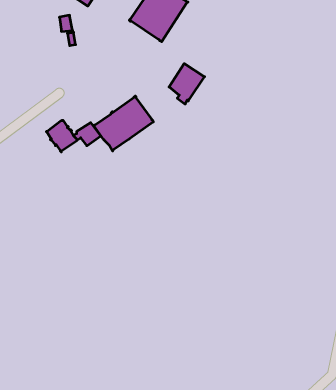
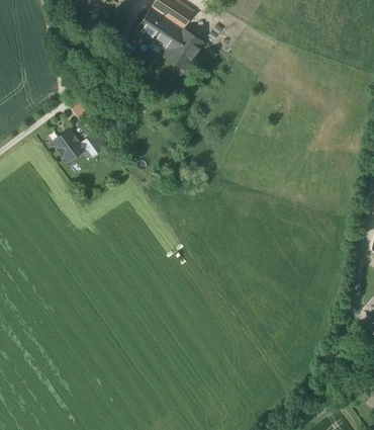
building: [169,64,205,104] -> [169,28,204,69]
building: [93,96,153,151] -> none

